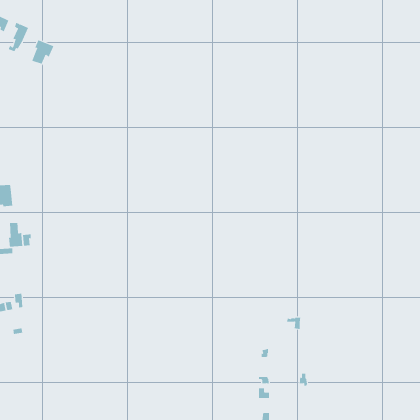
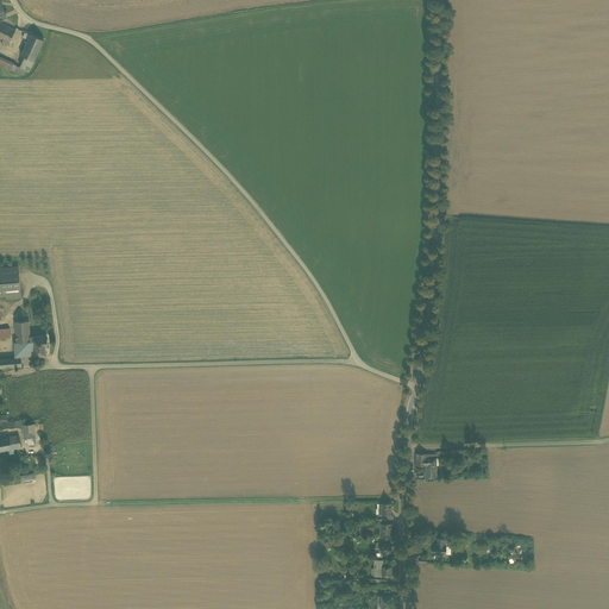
building: [32,40,54,65] -> none

